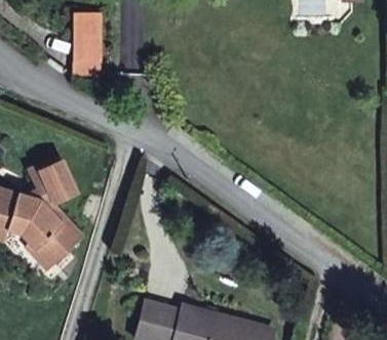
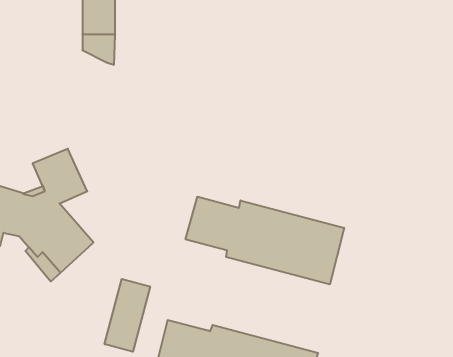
building: none -> [186,197,344,284]
building: none -> [105,279,150,352]

